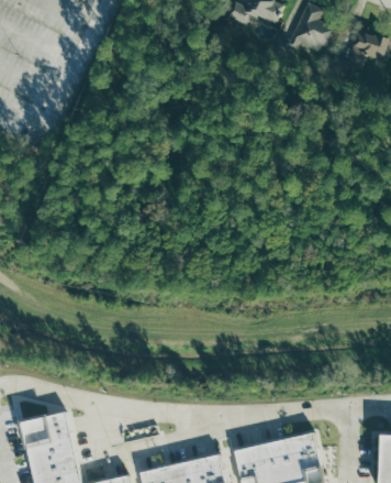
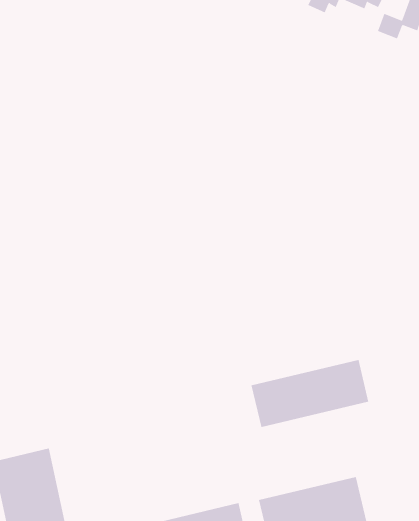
building: none -> [251,359,369,428]

